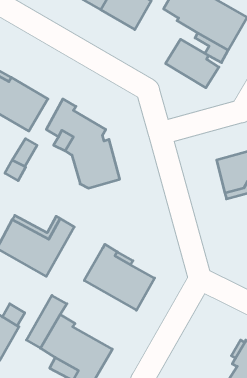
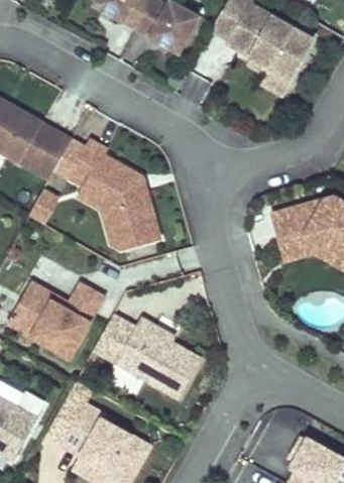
building: [166,39,219,88] -> none
building: none -> [93,309,137,360]

